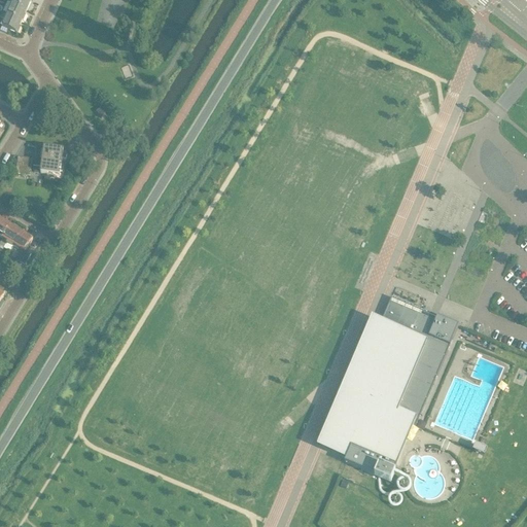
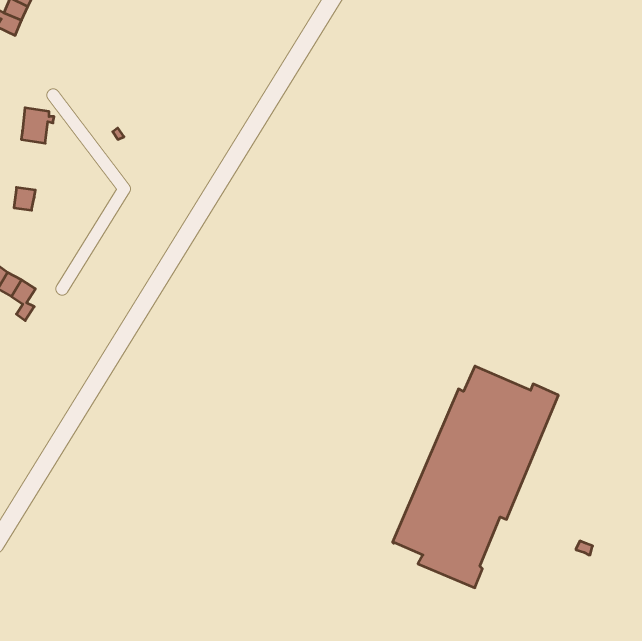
building: [36,143,63,172] -> [21,108,54,143]

